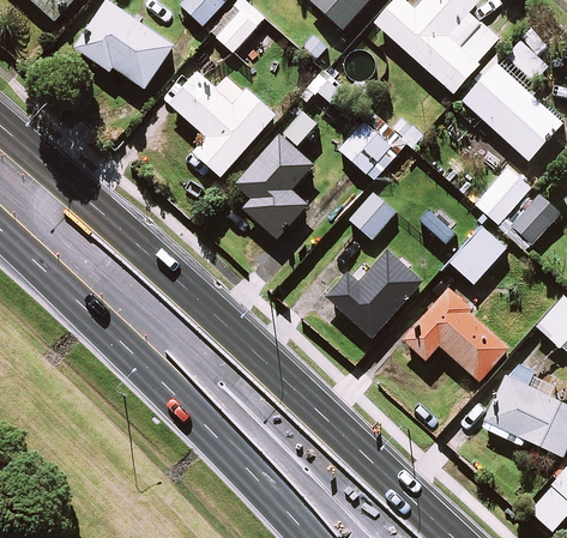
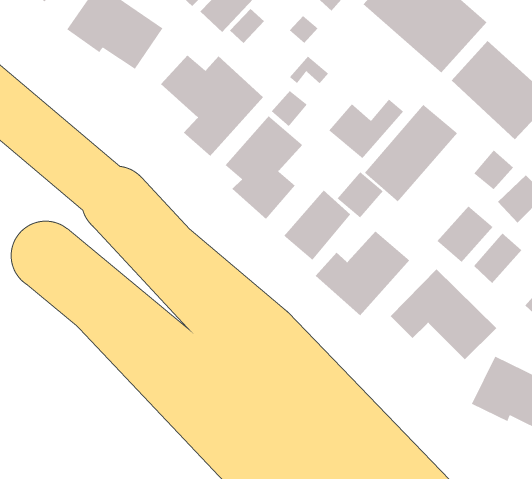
building: none -> [364,104,458,202]
building: none -> [283,189,351,261]
building: none -> [473,233,522,284]

